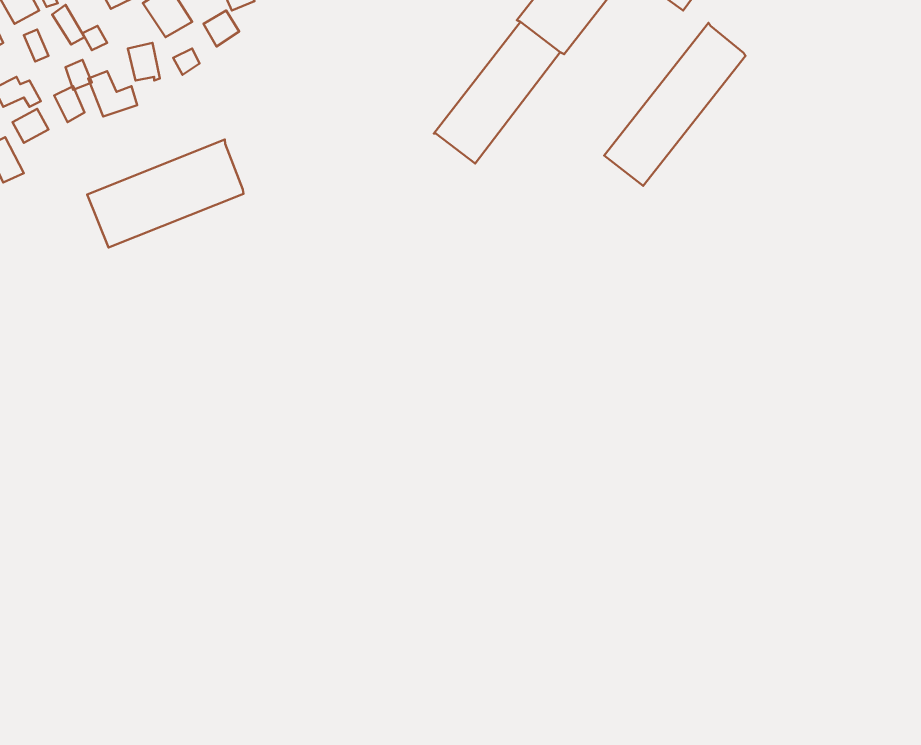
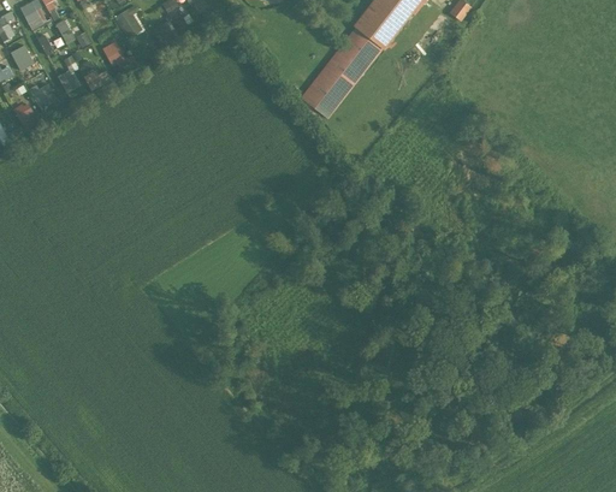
building: [604,23,746,186] -> none
building: [87,140,243,247] -> none

